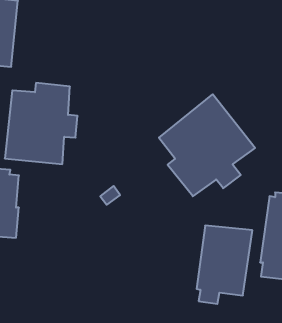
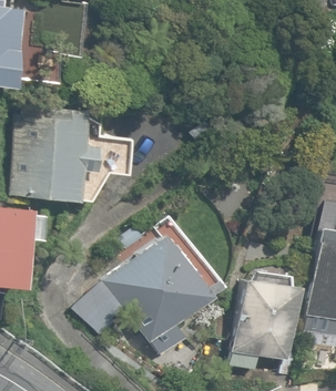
building: [159,94,255,196] -> none
building: none -> [74,228,213,356]

